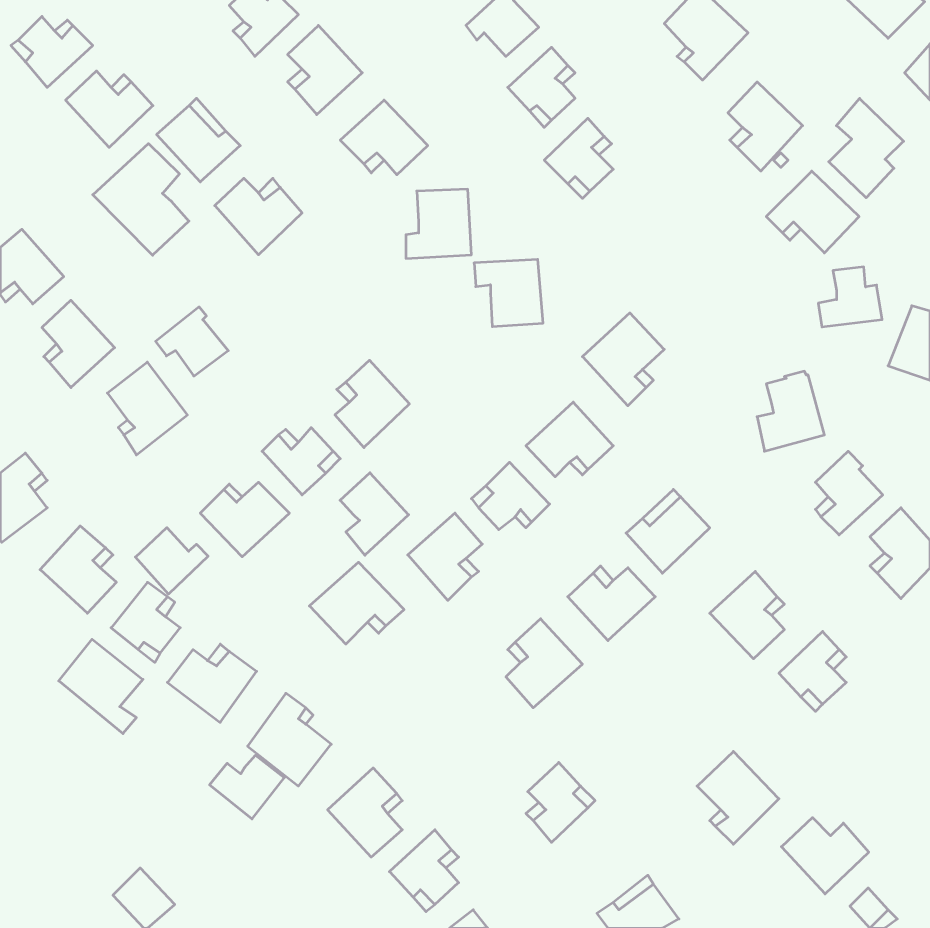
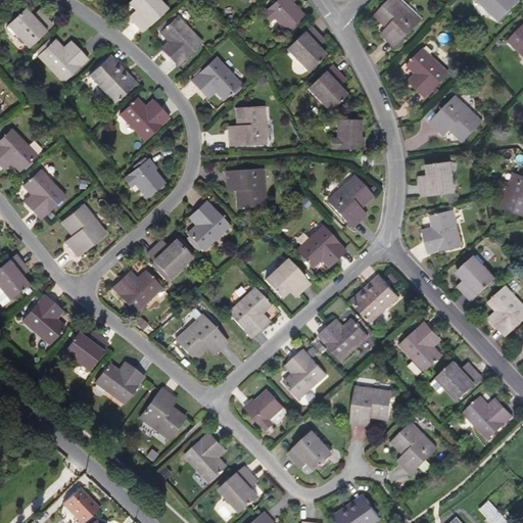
building: [829,98,904,198] -> none
building: [93,144,189,255] -> none
building: none -> [330,120,362,149]
building: [474,259,543,327] -> [226,170,265,207]
building: [818,267,882,327] -> [420,162,456,196]
building: [156,307,228,376] -> [125,158,165,197]
building: [340,473,409,555] -> none
building: [135,528,208,594] -> none
building: [59,639,143,734] -> none
building: none -> [351,386,394,426]
building: none -> [245,388,284,429]
building: [210,755,284,819] -> none
building: [781,818,869,894] -> [463,396,512,439]

